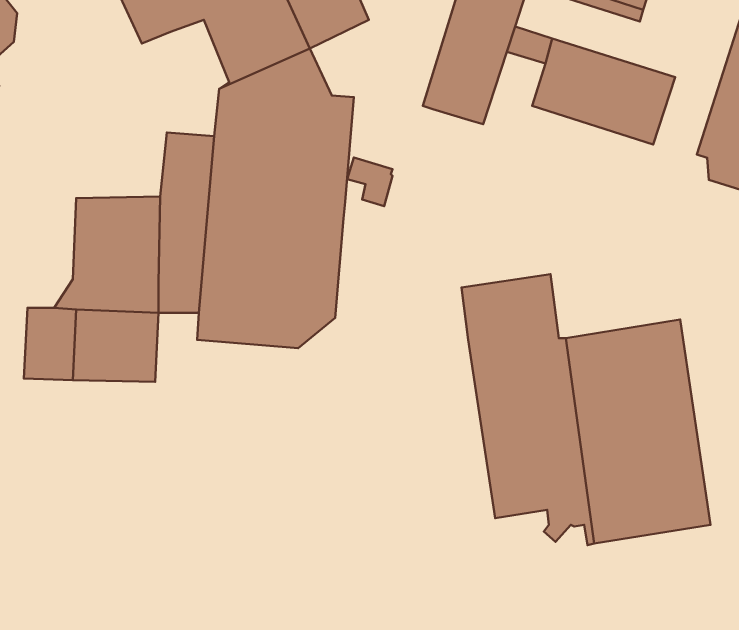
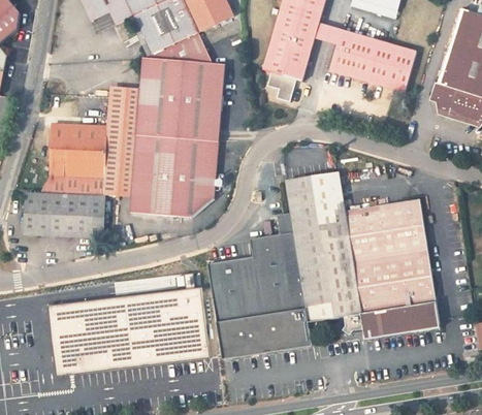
building: [347,157,393,206] -> [267,70,295,100]
building: none -> [206,212,311,358]
building: none -> [45,286,205,373]

